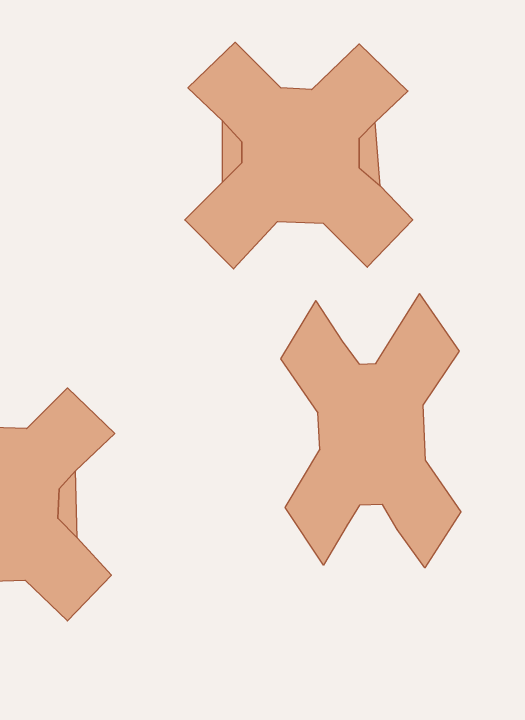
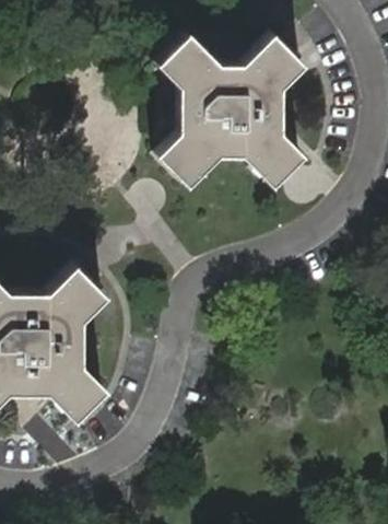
building: [281,294,461,568] -> none

